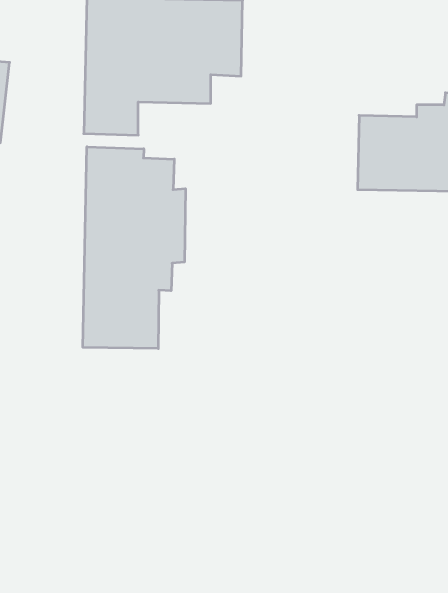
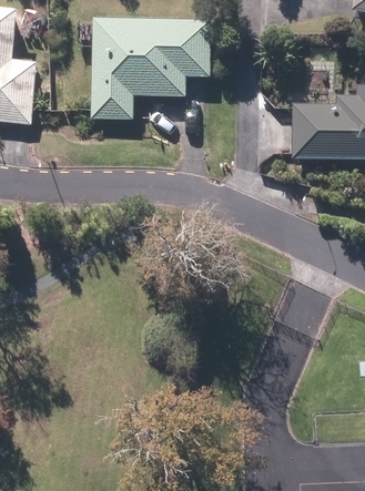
building: [83,147,185,349] -> none

